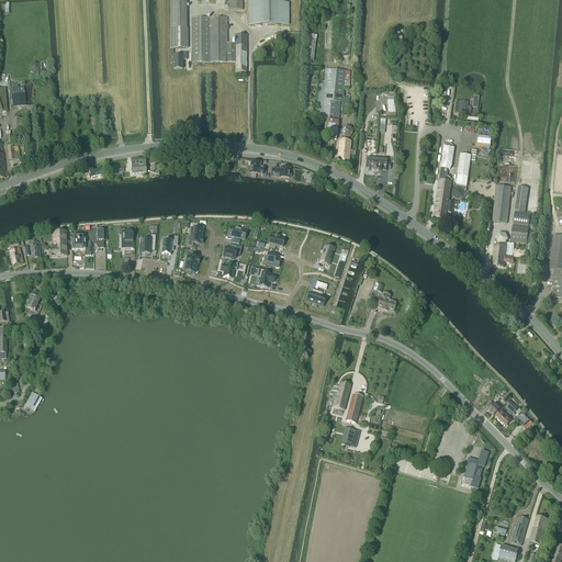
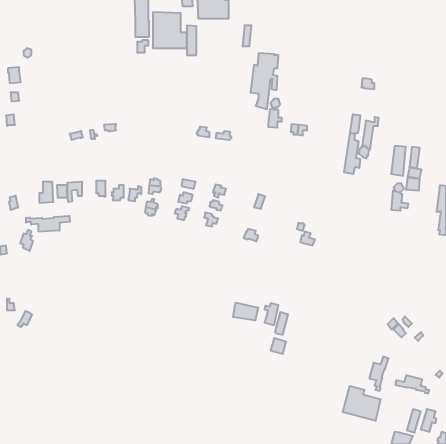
building: none -> [26,216,70,232]
building: none -> [233,303,258,321]
building: none -> [396,375,429,394]
building: none -> [343,386,381,421]

